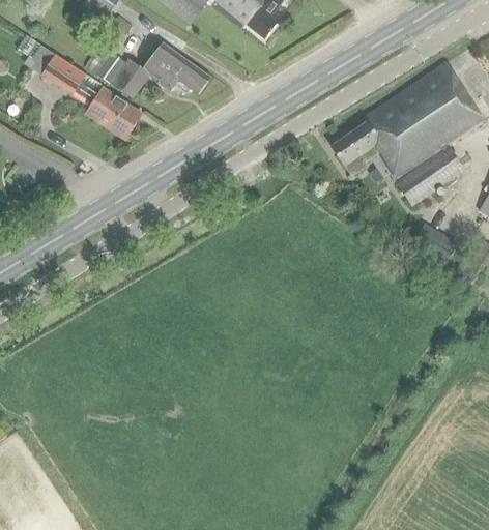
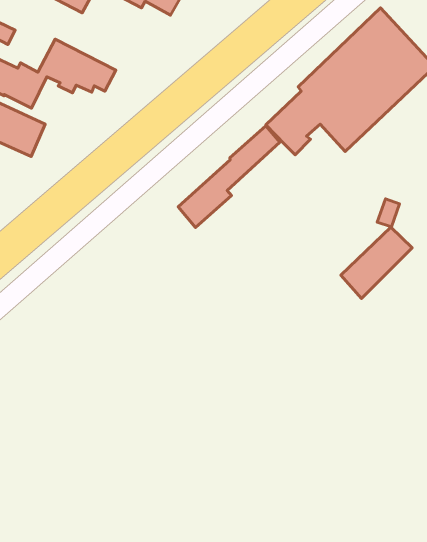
building: none -> [178,126,280,227]
building: [397,147,462,204] -> [341,227,412,298]

